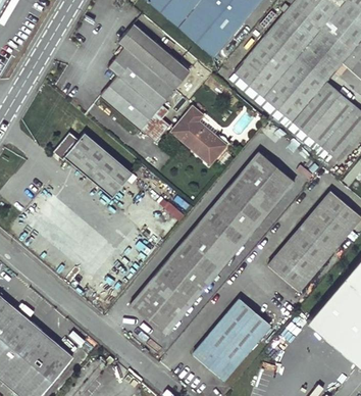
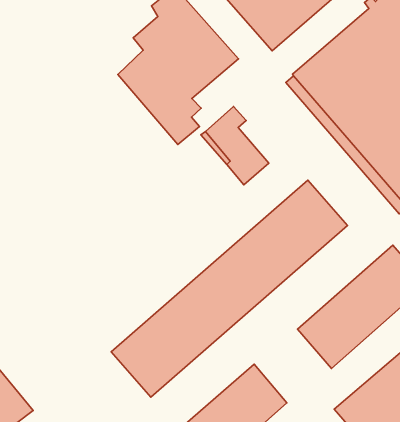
building: [52,131,132,195] -> none

